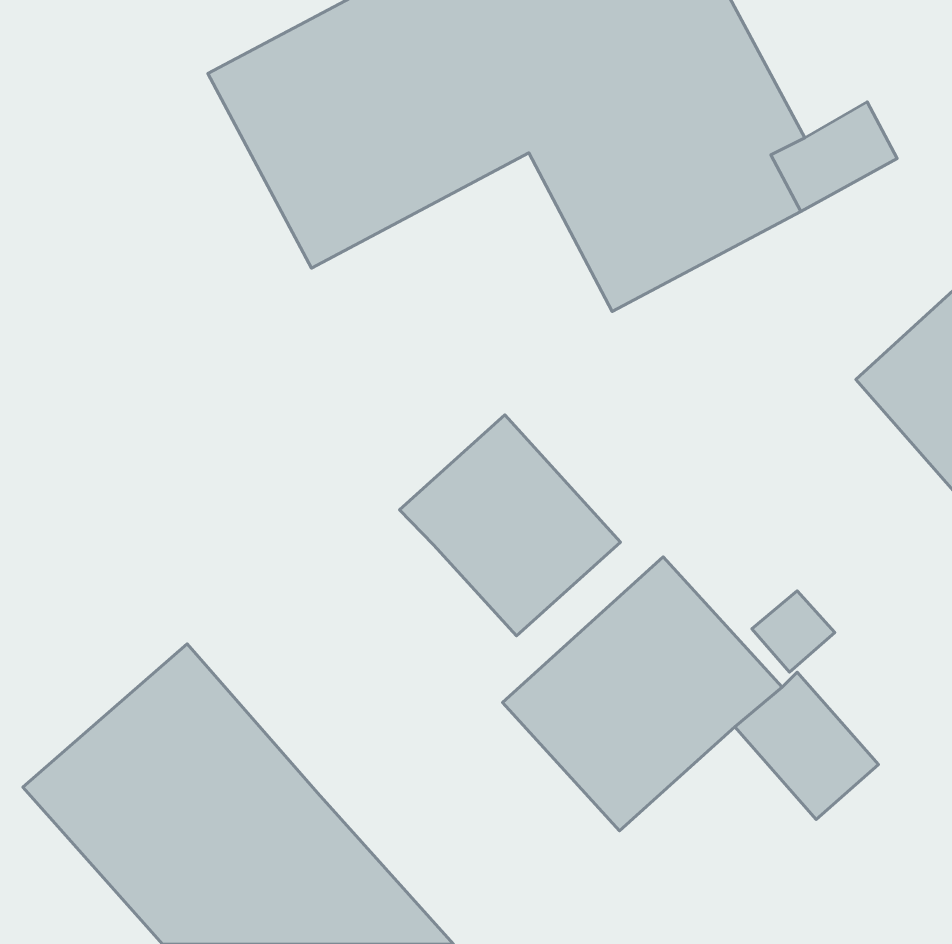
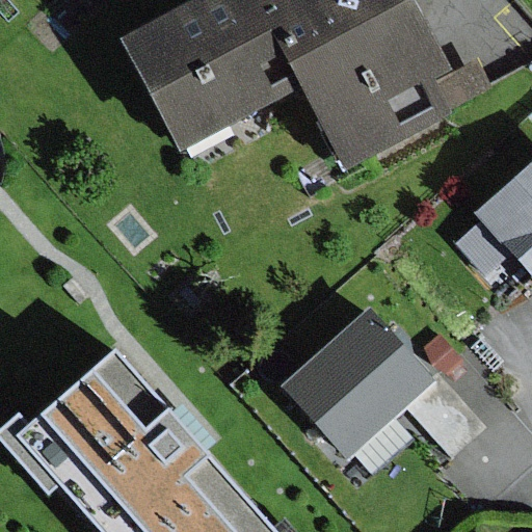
building: [399,415,620,636] -> none

